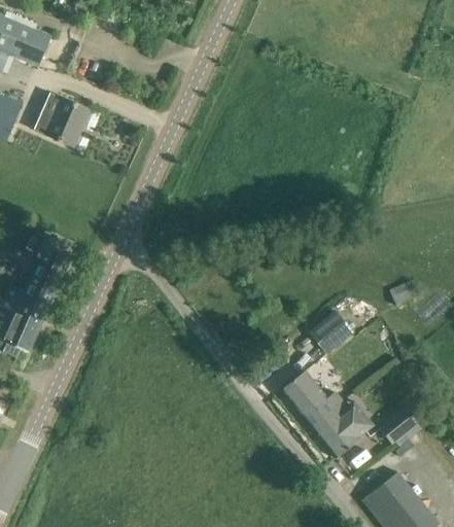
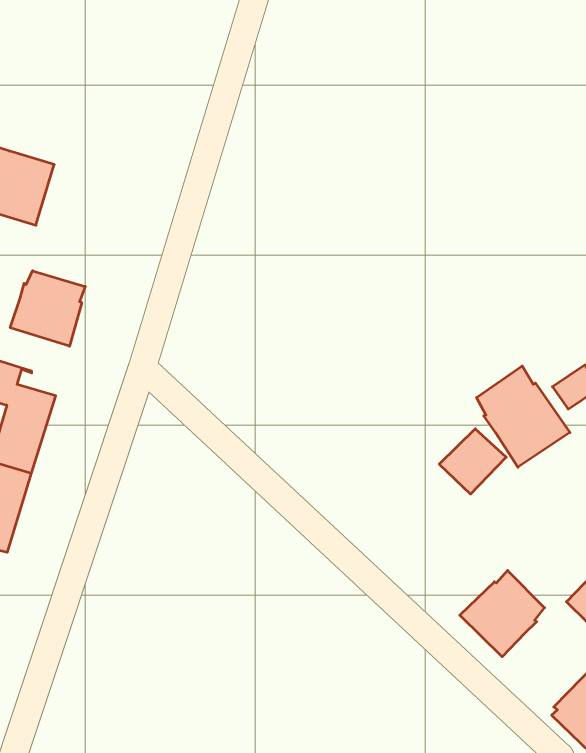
building: none -> [10,271,85,346]
building: none -> [477,366,570,467]
building: [281,371,346,428] -> none

